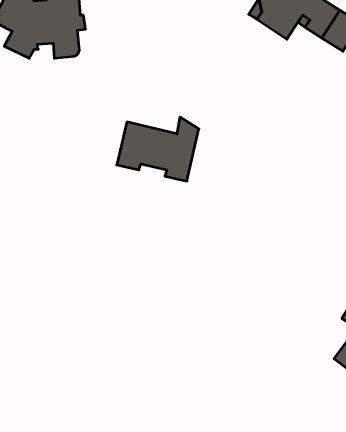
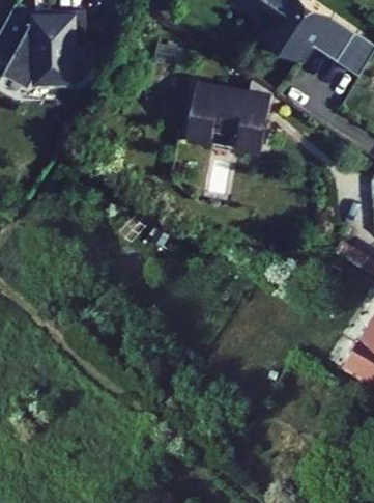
building: [117,117,199,181] -> [184,81,269,147]

